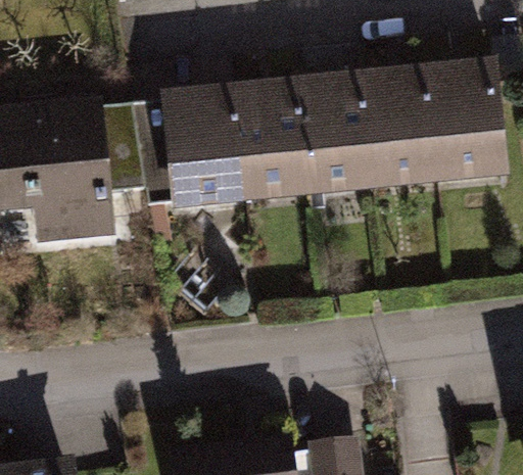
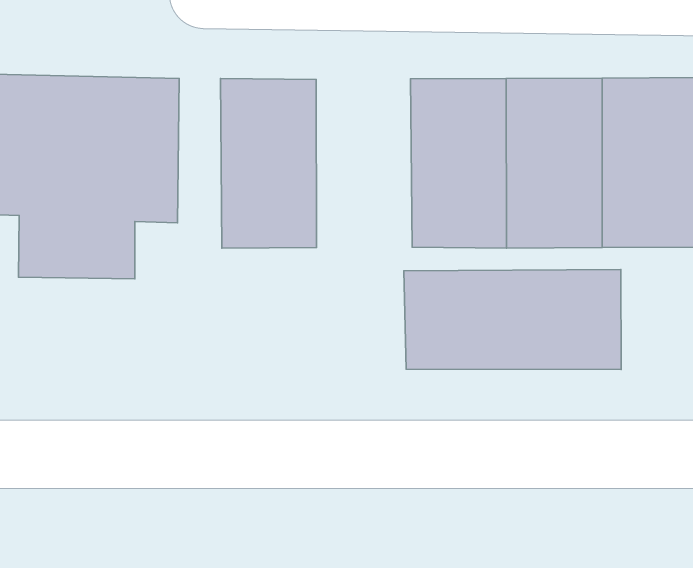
building: [226,78,304,201] -> none
building: none -> [404,269,621,369]

